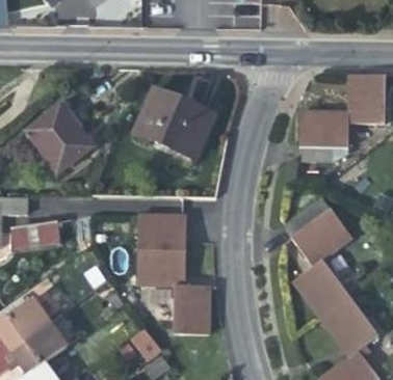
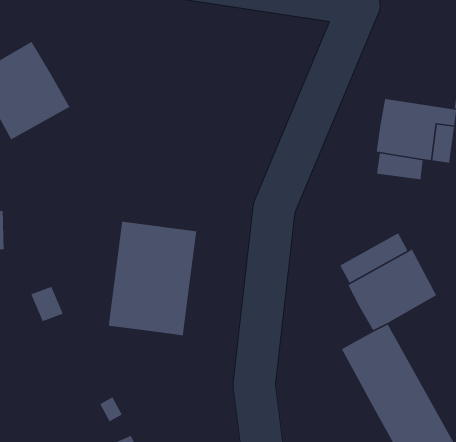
building: [135,88,213,158] -> none
building: [173,286,211,335] -> none

